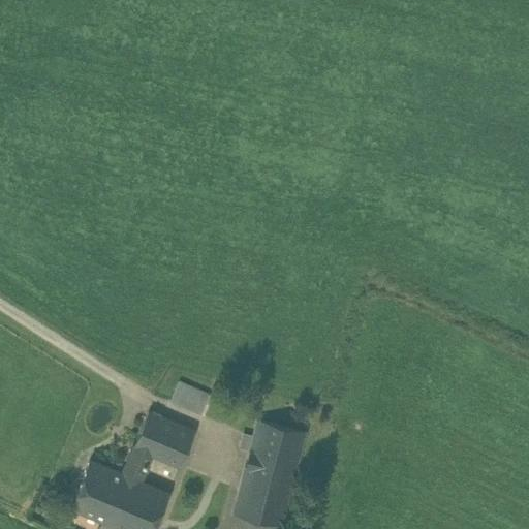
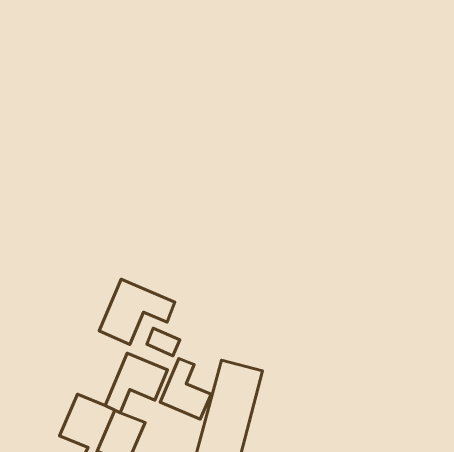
building: none -> [99,279,175,344]
building: none -> [160,359,211,419]

